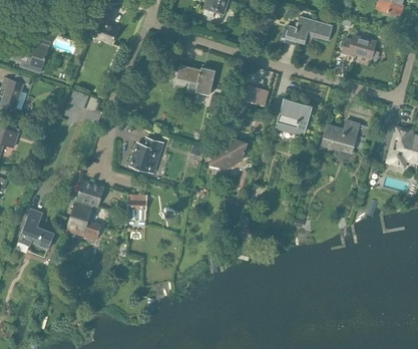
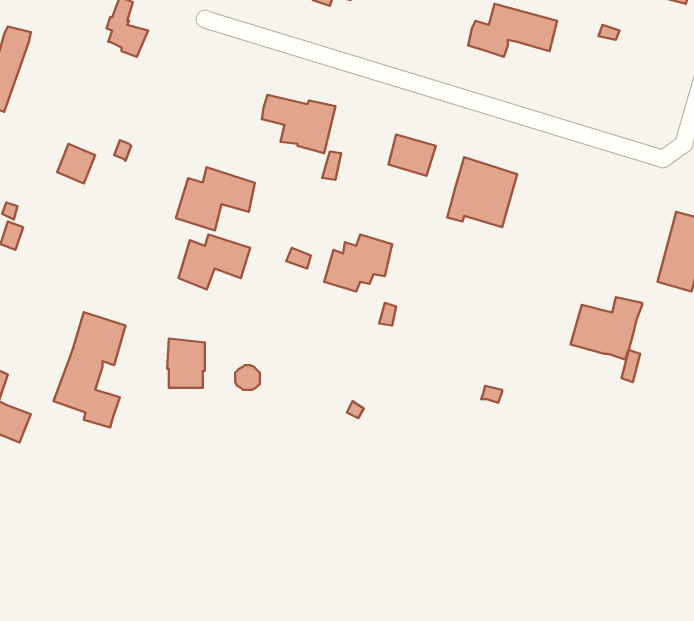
building: [342,34,376,59] -> none
building: none -> [176,167,255,231]
building: [322,120,360,153] -> [570,297,642,360]

